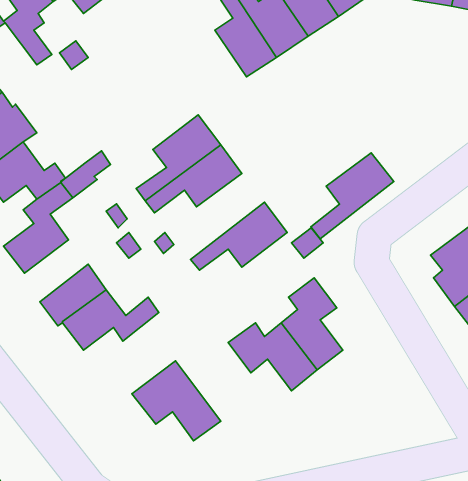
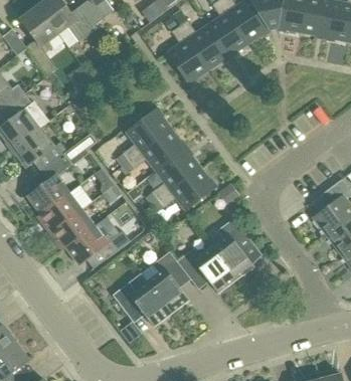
building: [311,153,394,239] -> [145,148,200,205]
building: none -> [37,192,82,233]
building: none -> [147,251,188,313]

